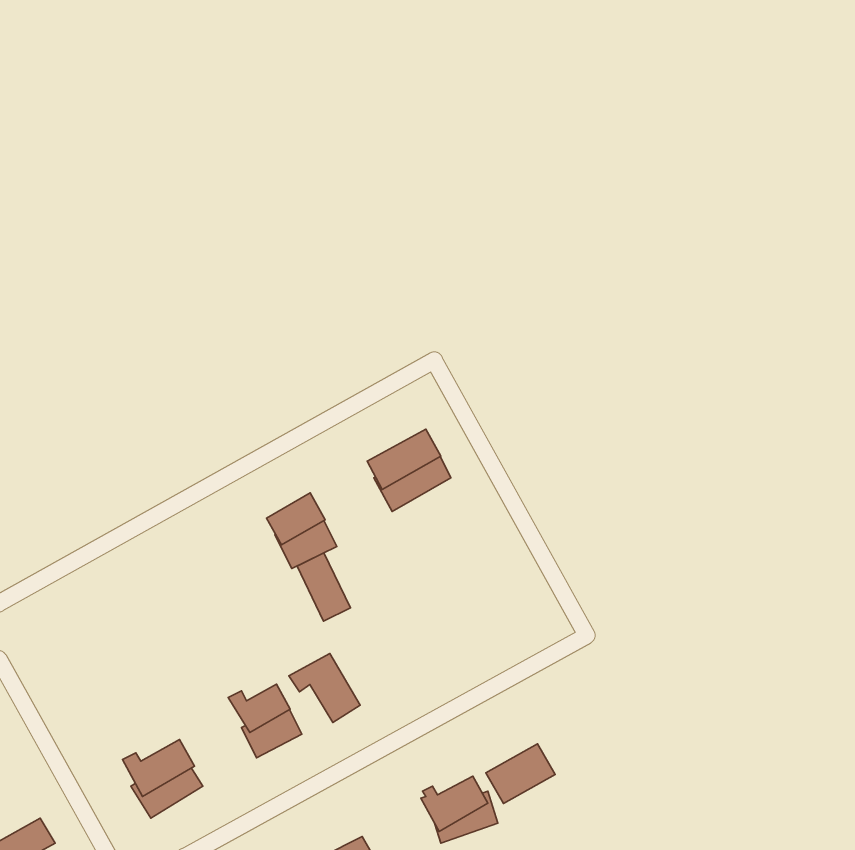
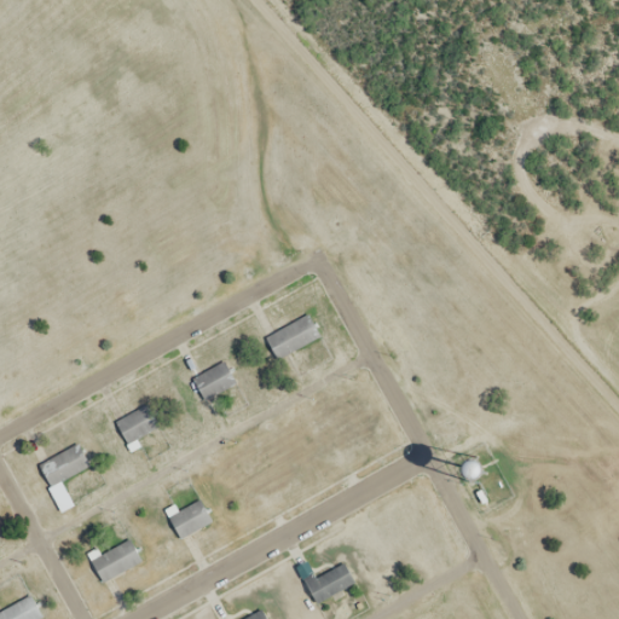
building: none -> [112,401,161,452]
building: [297,553,350,621] -> none
building: none -> [34,441,88,510]
building: [289,653,360,722] -> none
building: [486,744,555,803] -> none

